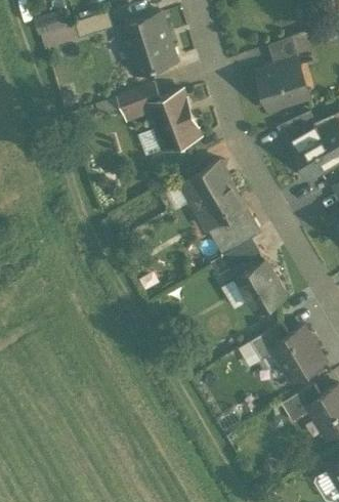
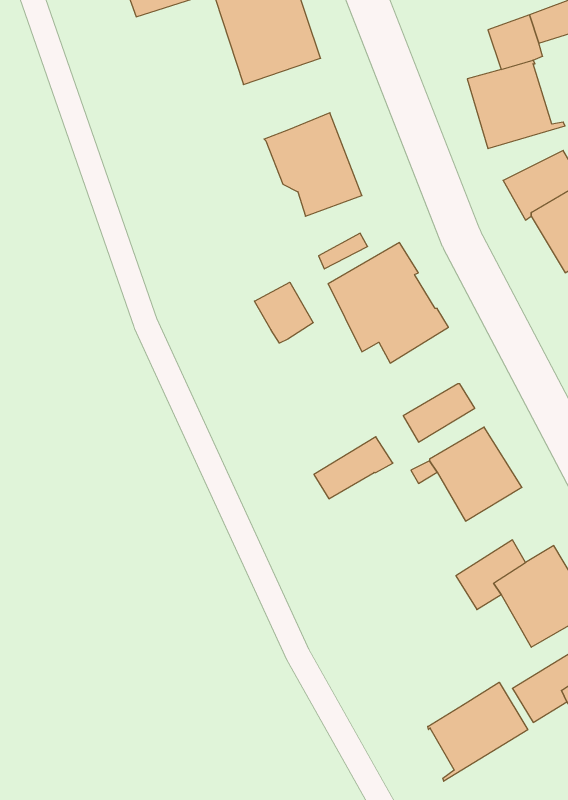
building: [119,83,161,115] -> none
building: none -> [254,282,313,343]
building: [220,219,263,253] -> [314,437,393,499]
building: none -> [428,682,528,781]

